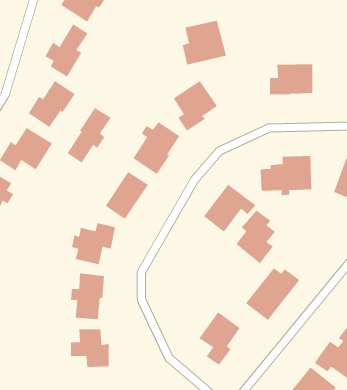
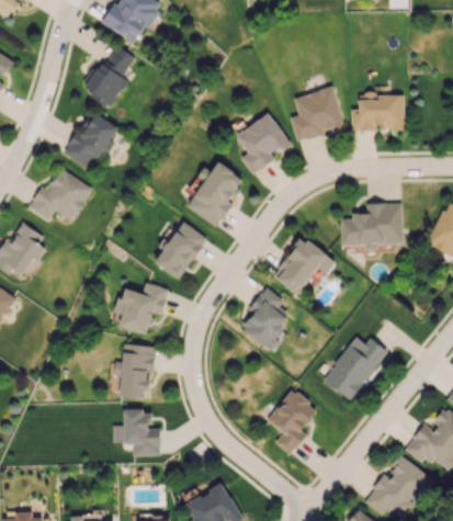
building: [182,20,227,65] -> [291,88,344,141]
building: [67,107,112,164] -> none
building: [235,210,276,264] -> [241,287,290,352]

